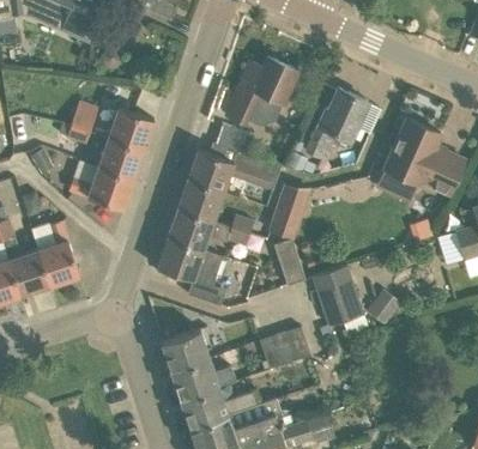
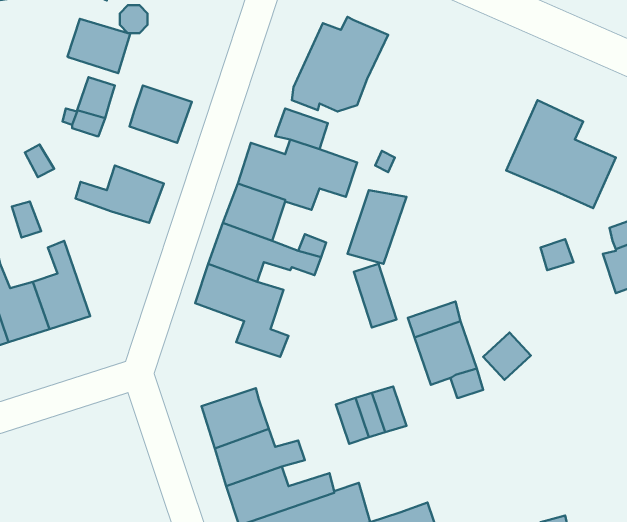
building: none -> [67,19,130,73]
building: [307,89,368,160] -> none
building: [98,138,144,180] -> none

